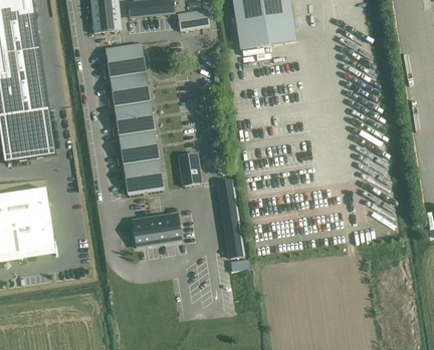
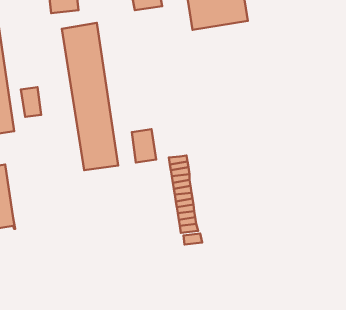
building: none -> [21,87,41,117]
building: [132,214,180,246] -> none

